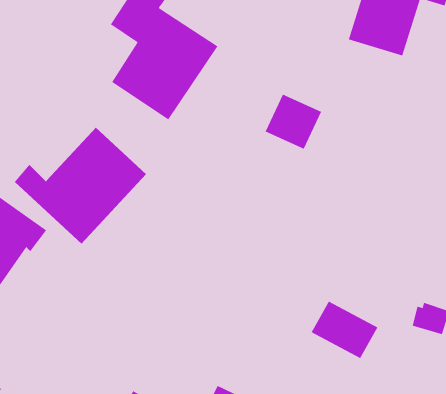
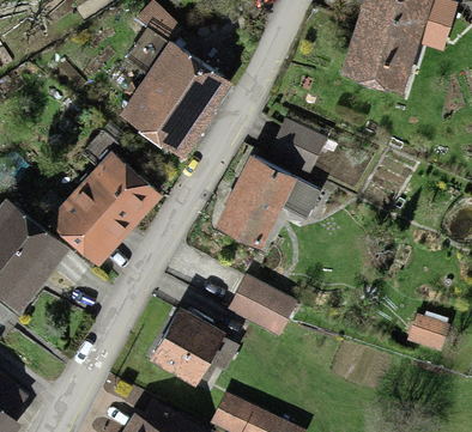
building: none -> [220,159,319,249]
building: none -> [153,312,223,383]
building: [311,300,378,359] -> [231,278,295,333]

